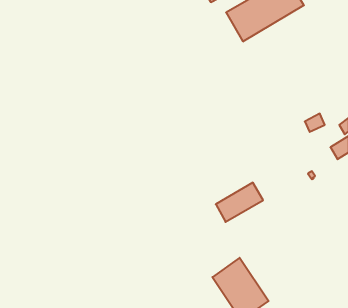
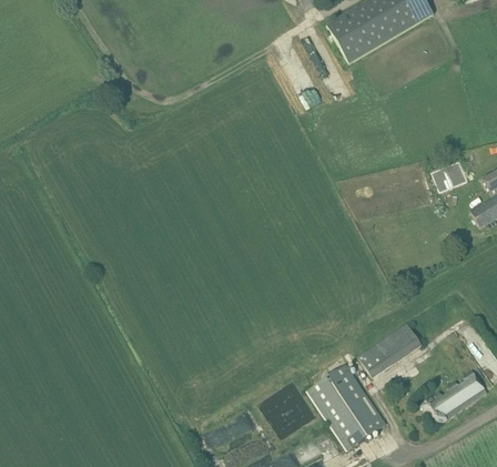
building: [216,183,263,222] -> [358,323,424,377]
building: none -> [419,369,486,427]

